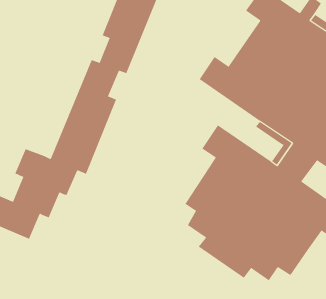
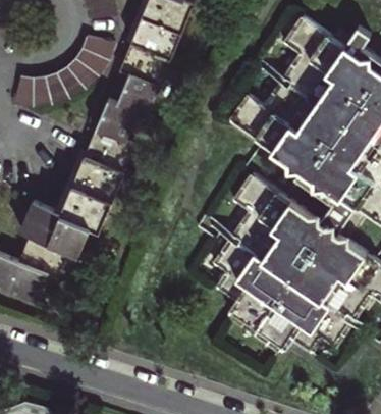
building: none -> [12,38,115,108]

